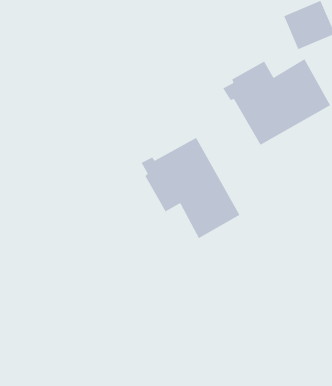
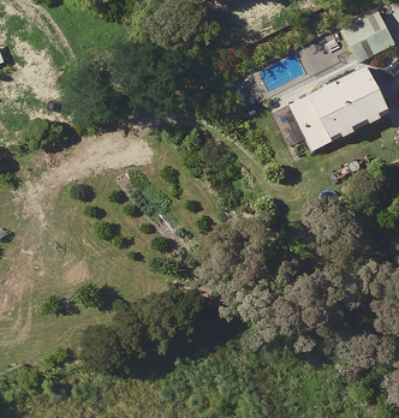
building: [140,137,241,239] -> none

